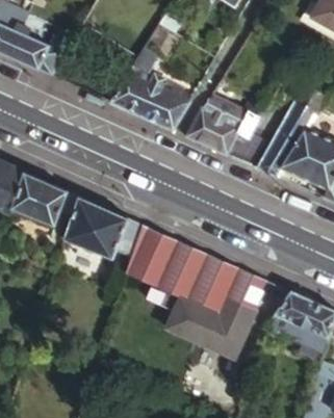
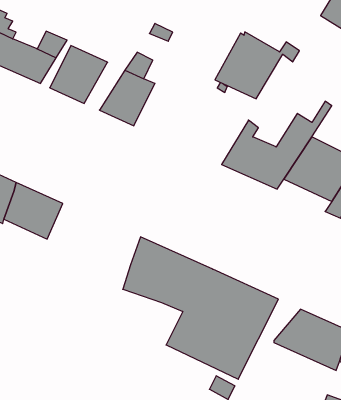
building: [137,80,191,134] -> [50,46,108,103]
building: [181,94,260,156] -> [215,32,299,99]
building: [66,197,144,257] -> none

